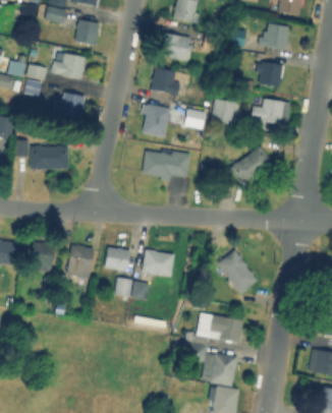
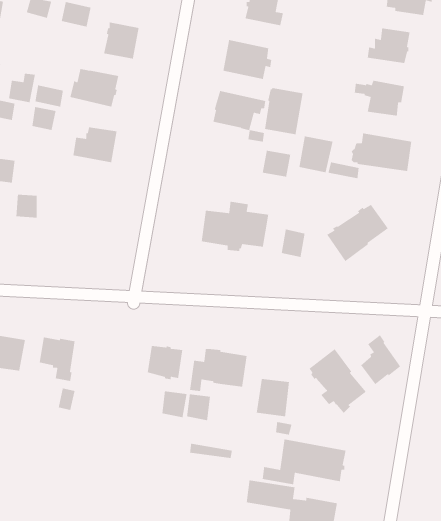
building: [143,105,170,138] -> [264,87,304,135]
building: [31,146,69,171] -> none
building: none -> [360,334,401,385]
building: [66,244,95,286] -> none
building: none -> [256,378,290,417]

